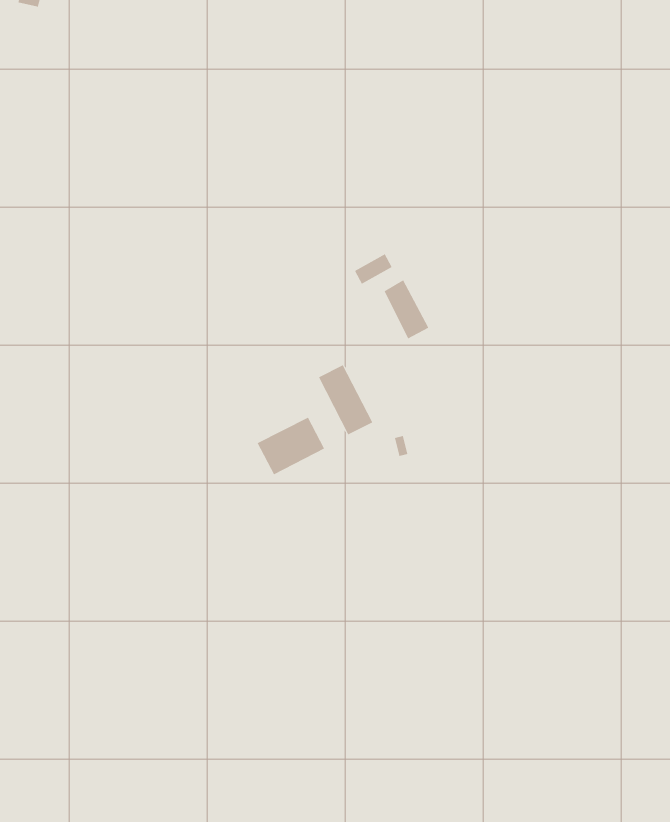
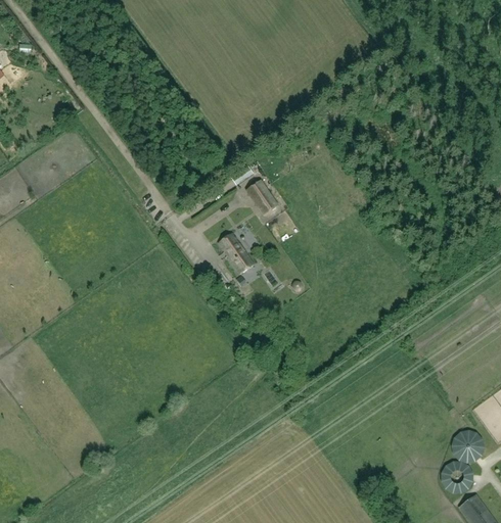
building: [257,417,325,475] -> none

